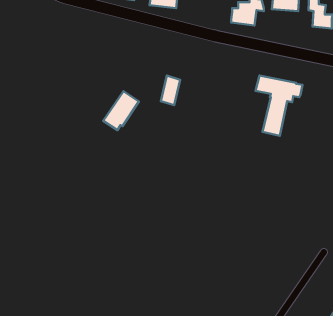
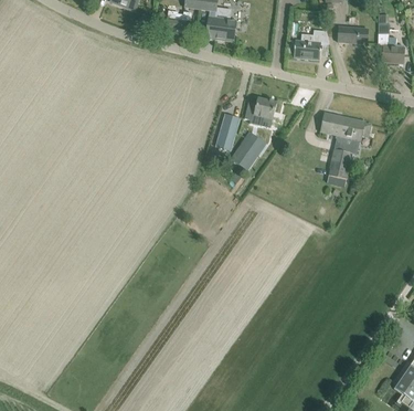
building: none -> [244,97,276,126]
building: [103,91,139,130] -> [227,131,266,173]

